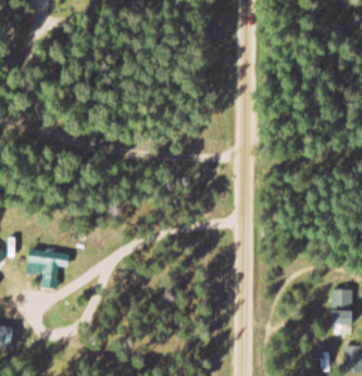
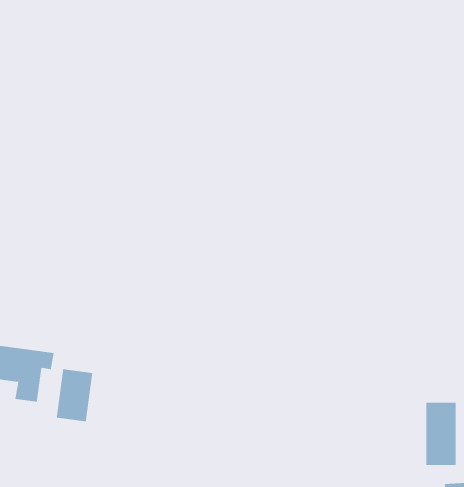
building: none -> [56,369,93,422]

